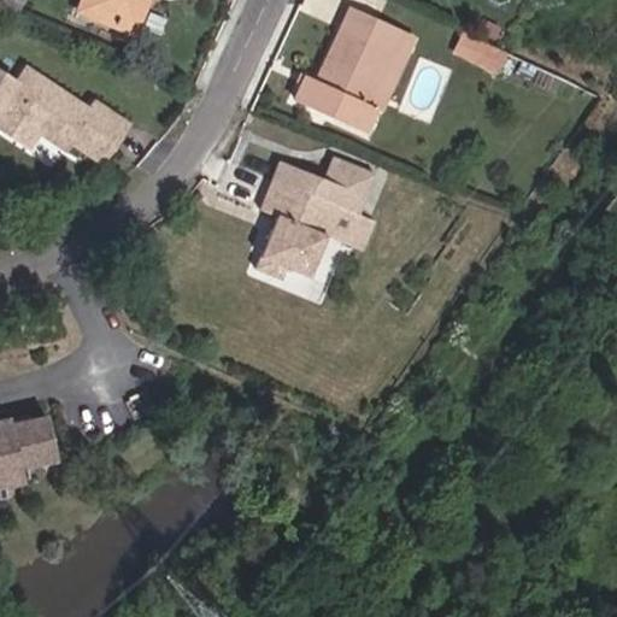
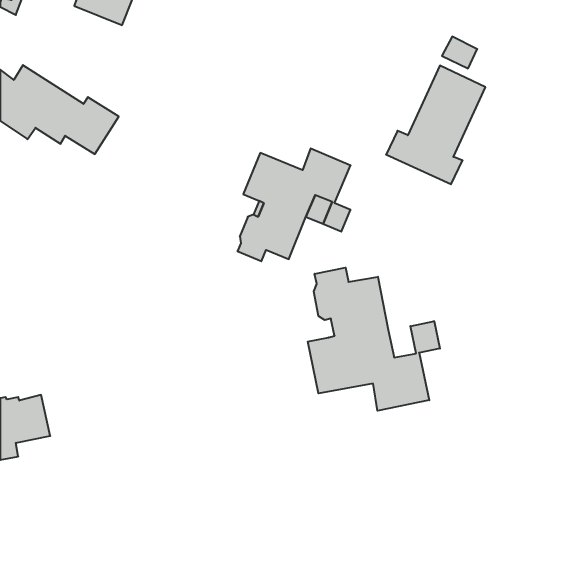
building: [296,6,401,131] -> [386,66,485,184]
building: none -> [308,268,440,411]

